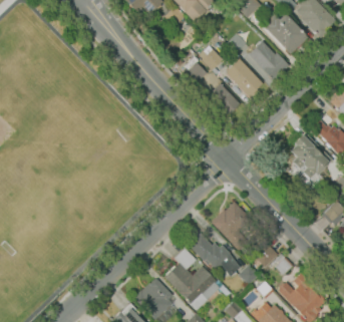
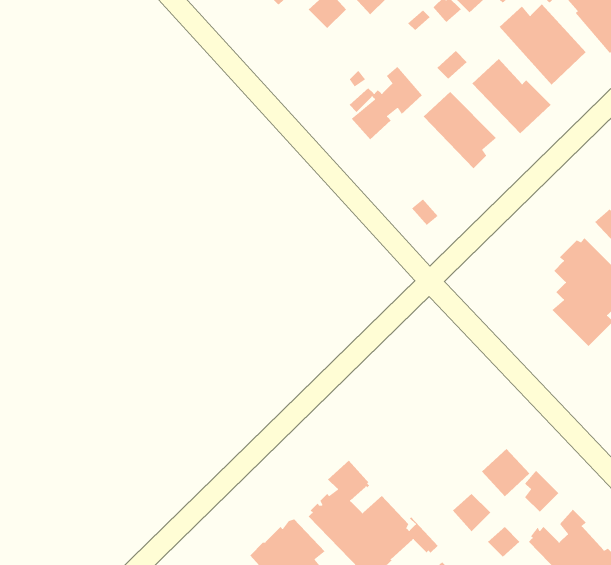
building: [208,82,241,115] -> none
building: [212,202,252,251] -> none
building: [189,234,240,276] -> none

